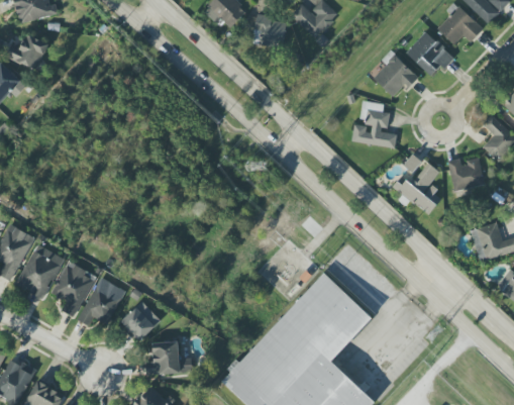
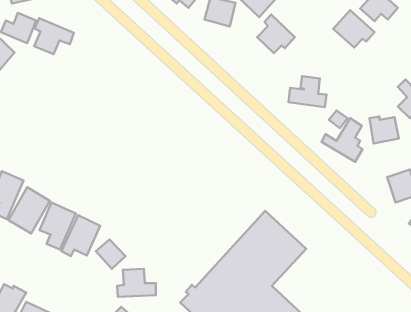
building: none -> [34,18,74,54]
building: [373,50,418,97] -> [257,14,295,53]

